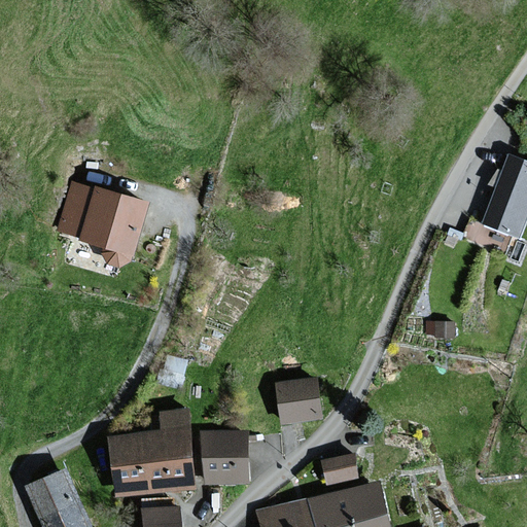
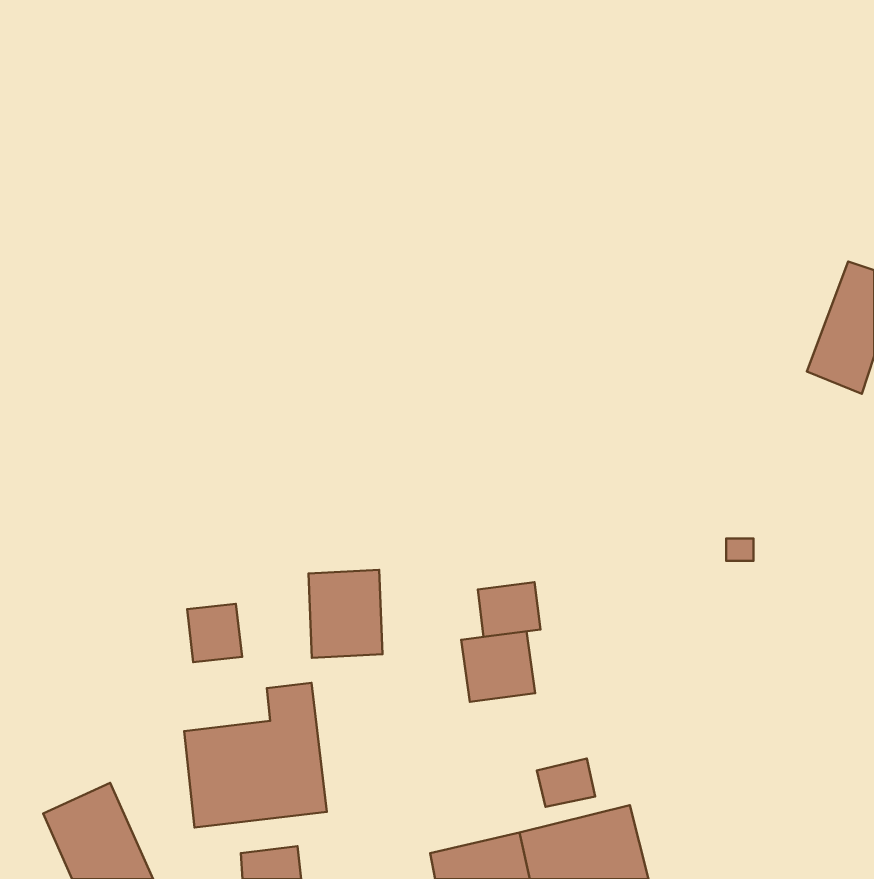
building: [58,181,146,260] -> none
building: none -> [478,582,540,637]
building: none -> [187,604,242,662]
building: [203,430,247,483] -> [308,570,382,658]

